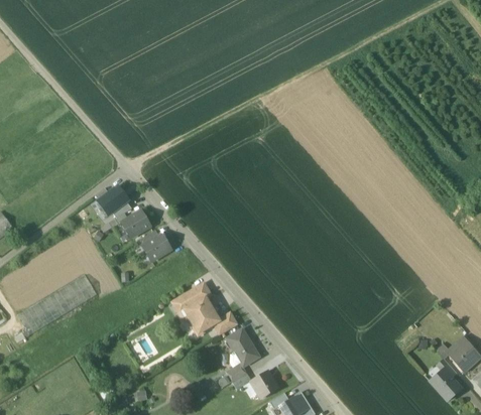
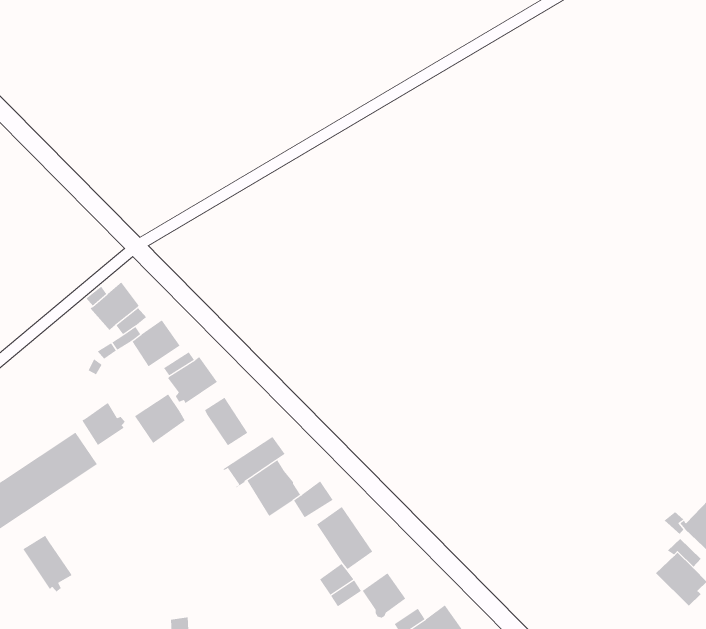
building: none -> [134,394,186,444]
building: none -> [81,402,125,446]
building: none -> [204,397,248,446]
building: none -> [23,535,72,593]

